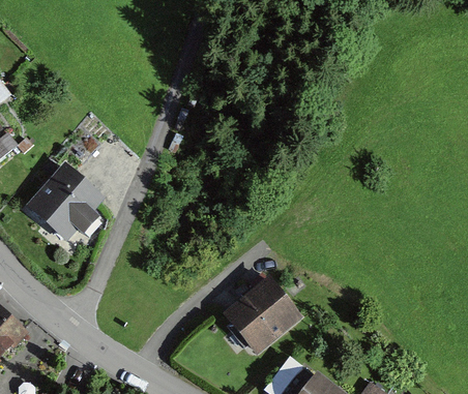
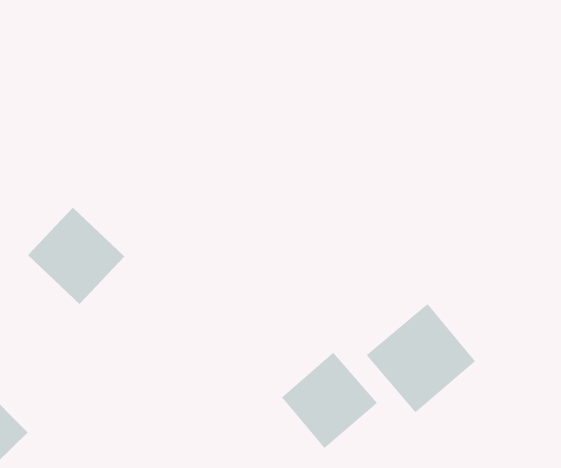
building: none -> [366,303,476,413]

